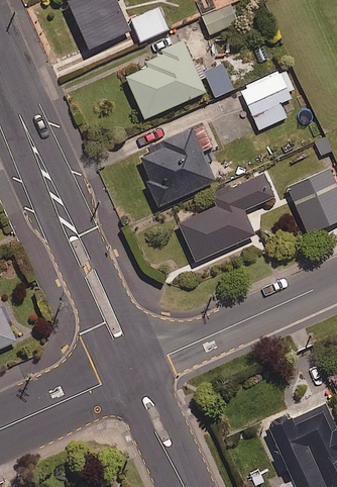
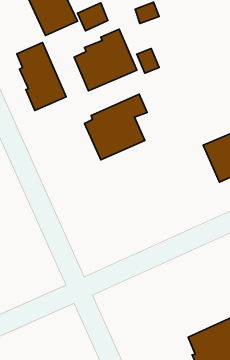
building: none -> [17,42,66,111]
building: [241,70,291,128] -> none
building: [179,176,271,260] -> none

